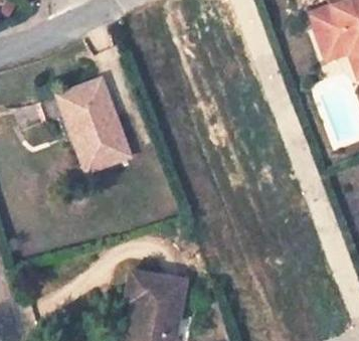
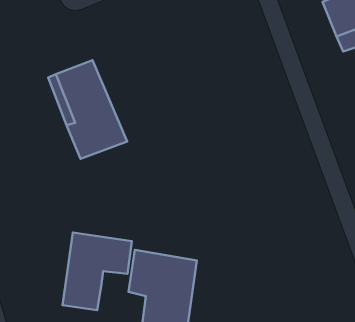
building: none -> [63,233,132,310]

